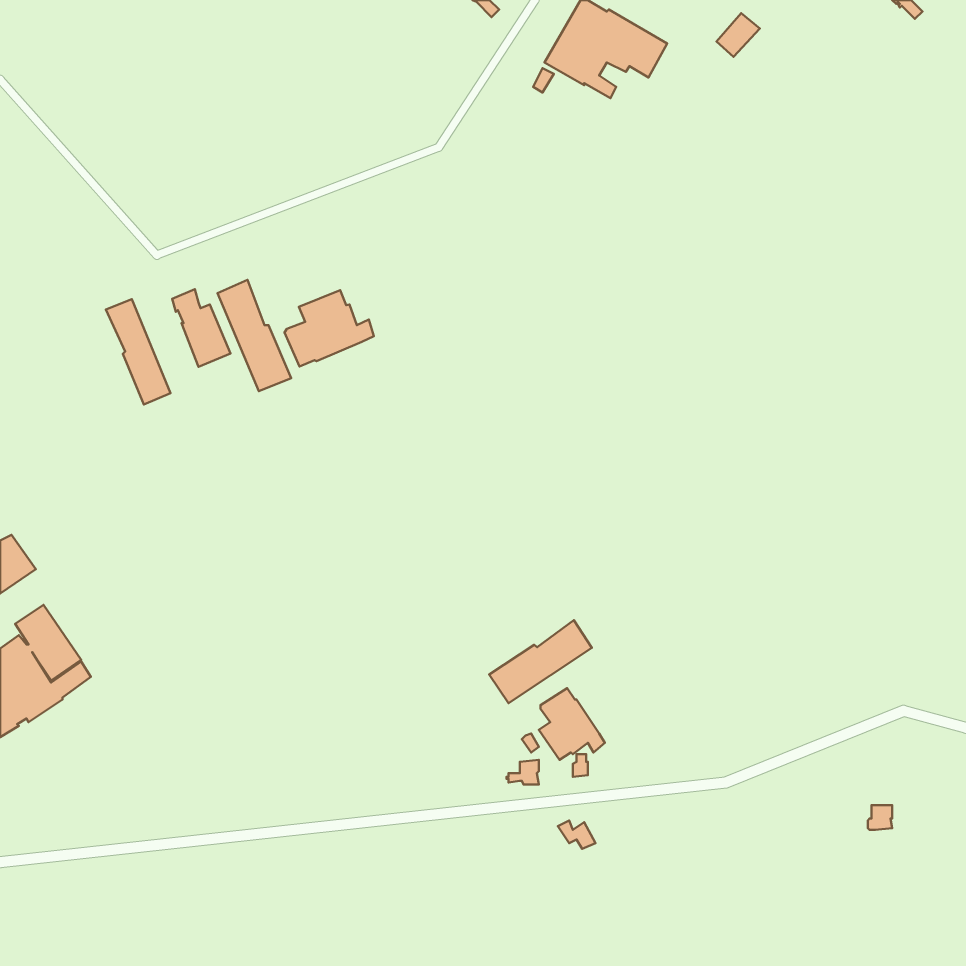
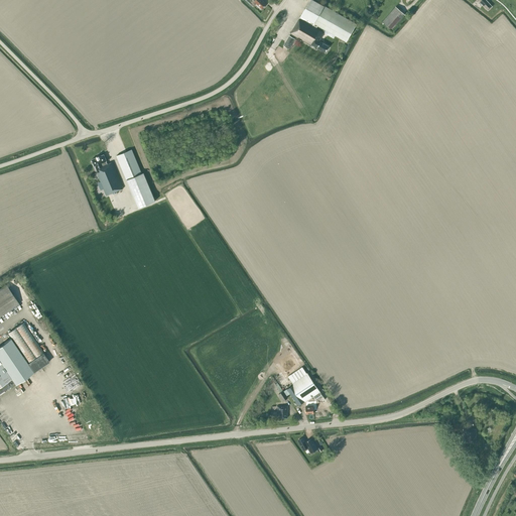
building: [284,290,374,366] -> none
building: [106,299,171,405] -> none
building: [489,620,592,703] -> none

